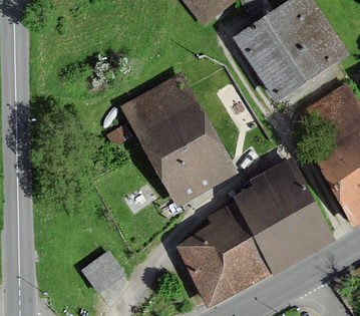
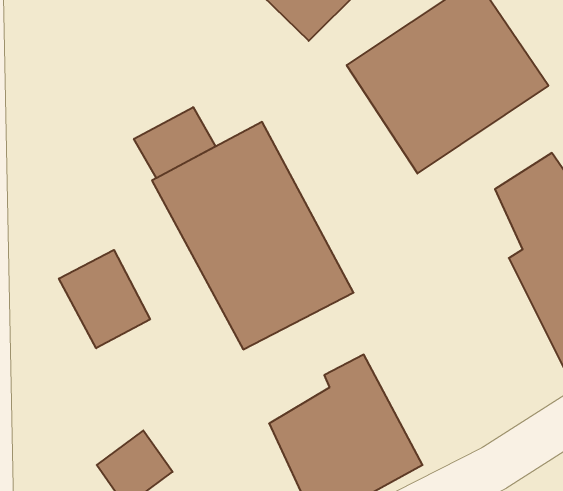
building: none -> [134,107,216,178]
building: none -> [59,250,150,348]
building: [236,165,332,272] -> none

